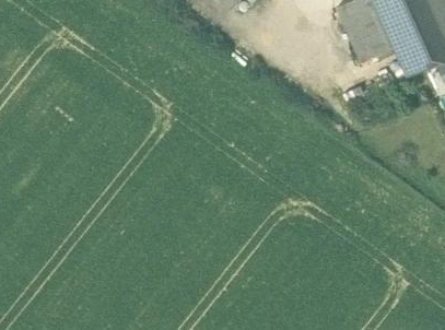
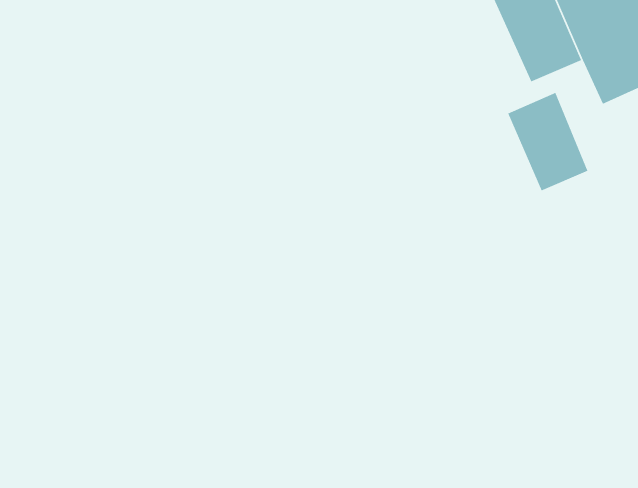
building: none -> [507,92,589,192]

